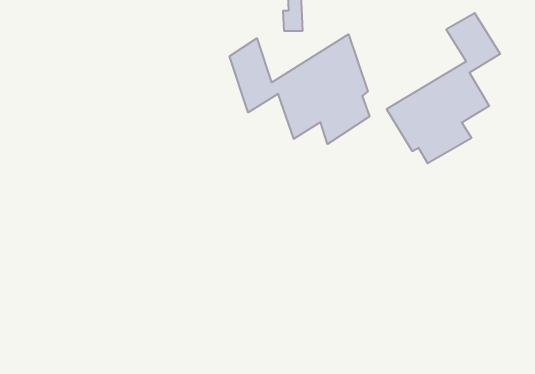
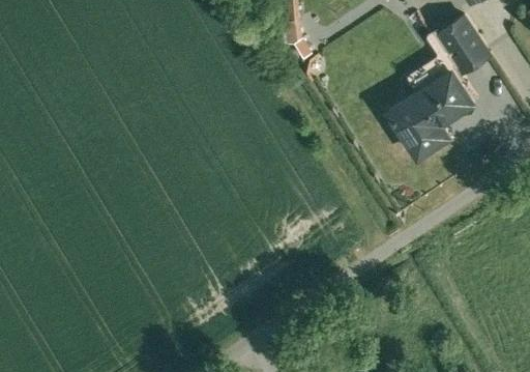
building: [230,34,369,144] -> none

